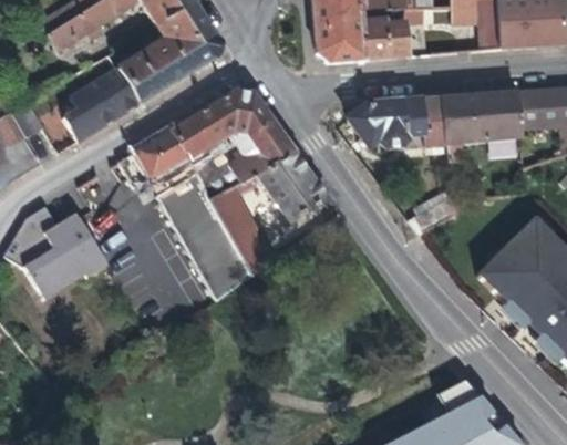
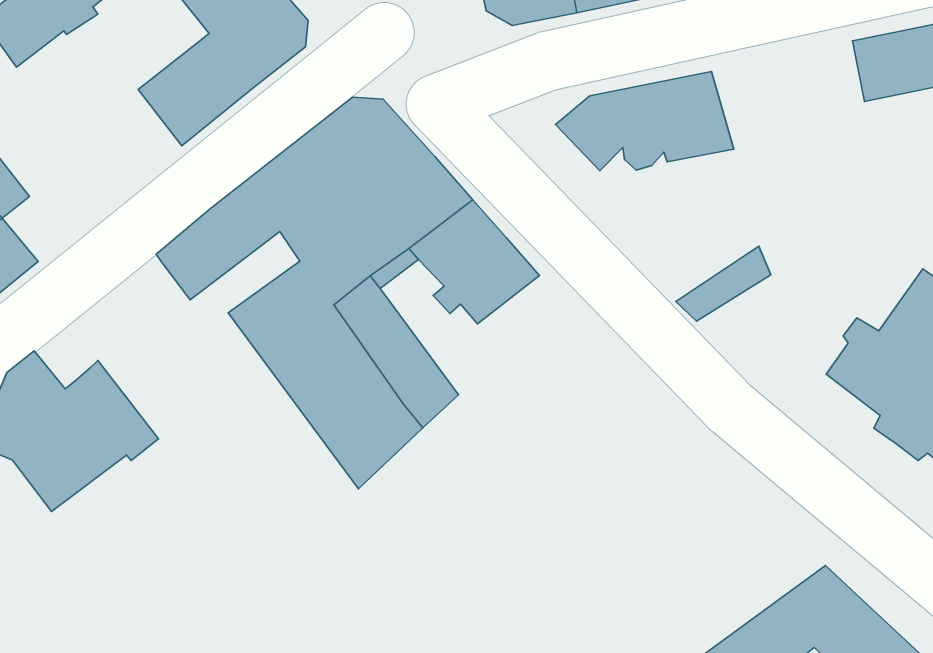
building: [64,66,141,139] -> none
building: [437,93,520,163] -> none

